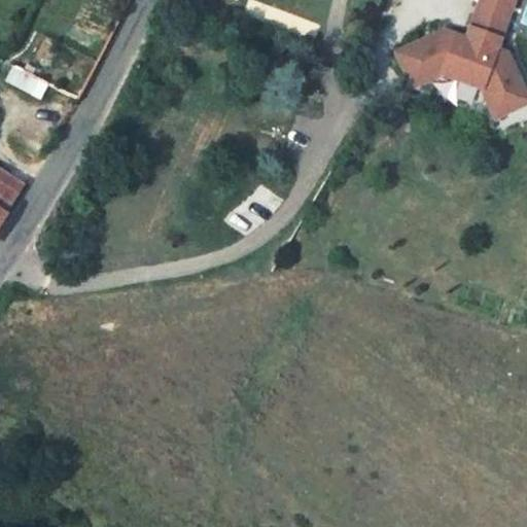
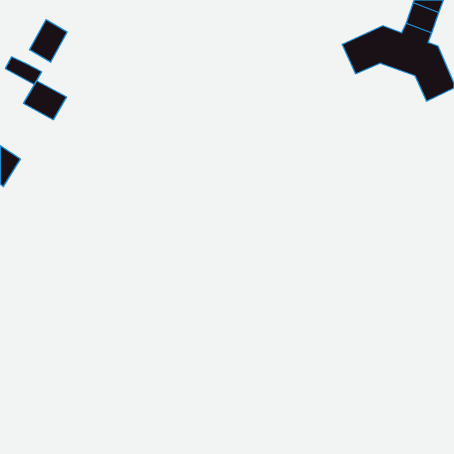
building: none -> [30,20,67,62]
building: none -> [24,81,67,120]

